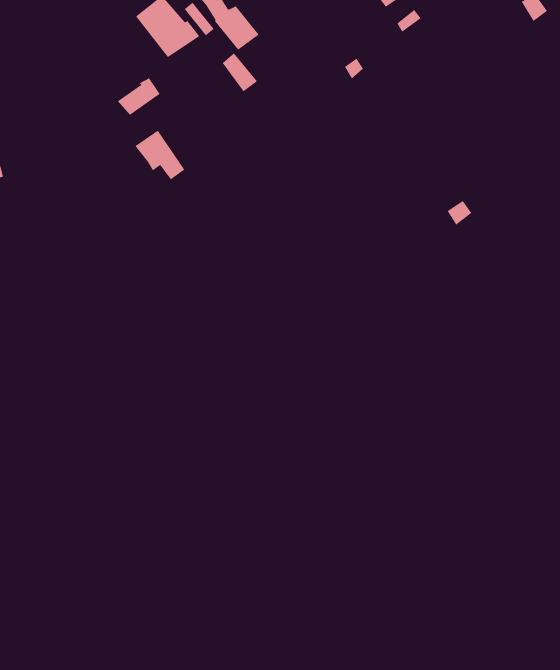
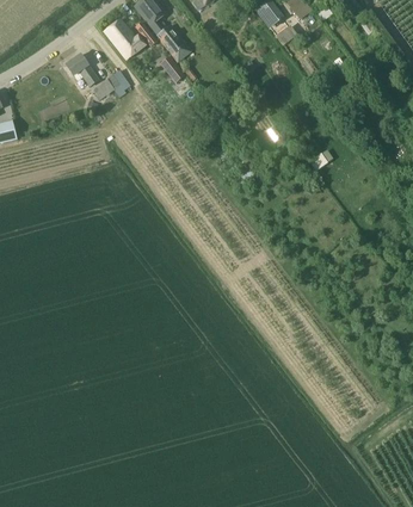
building: [135,130,185,180] -> [64,51,98,85]

